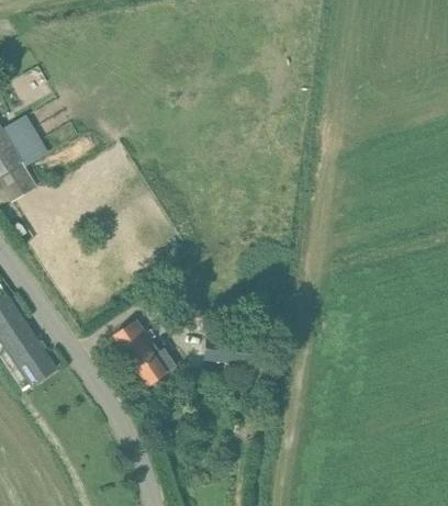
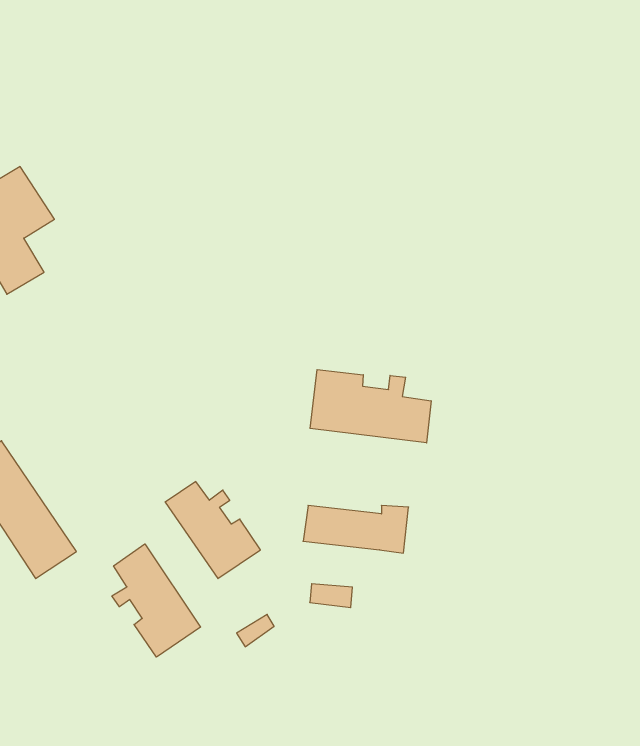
building: none -> [310,370,431,443]
building: none -> [112,544,201,657]

